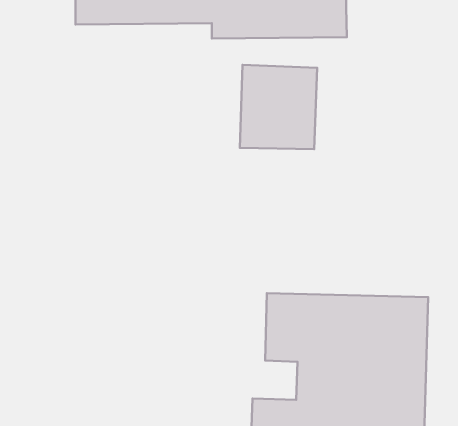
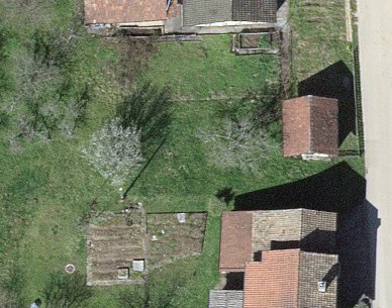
building: [240,65,317,149] -> [281,97,336,158]

